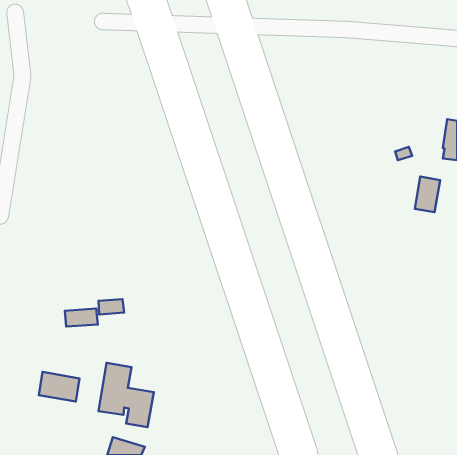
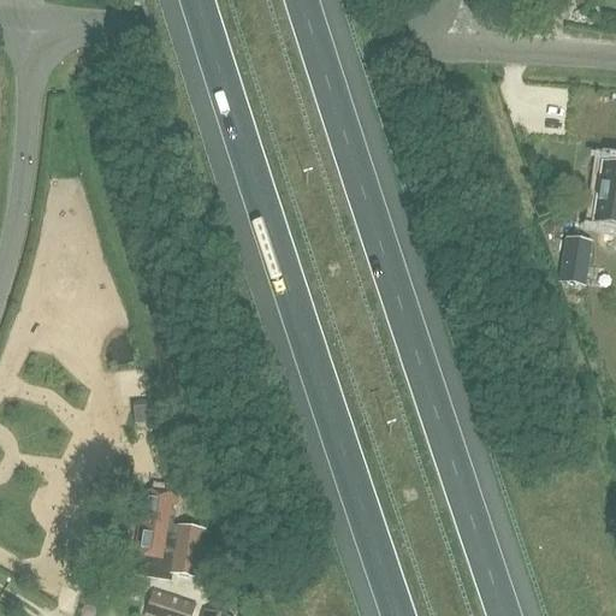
building: [65,308,98,327] -> none
building: [39,372,79,402] -> none

